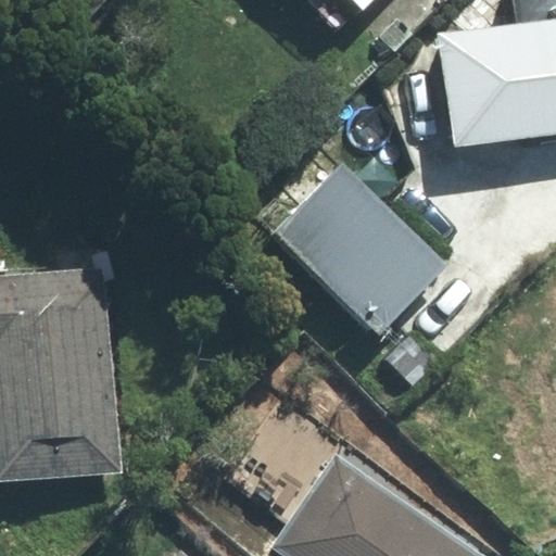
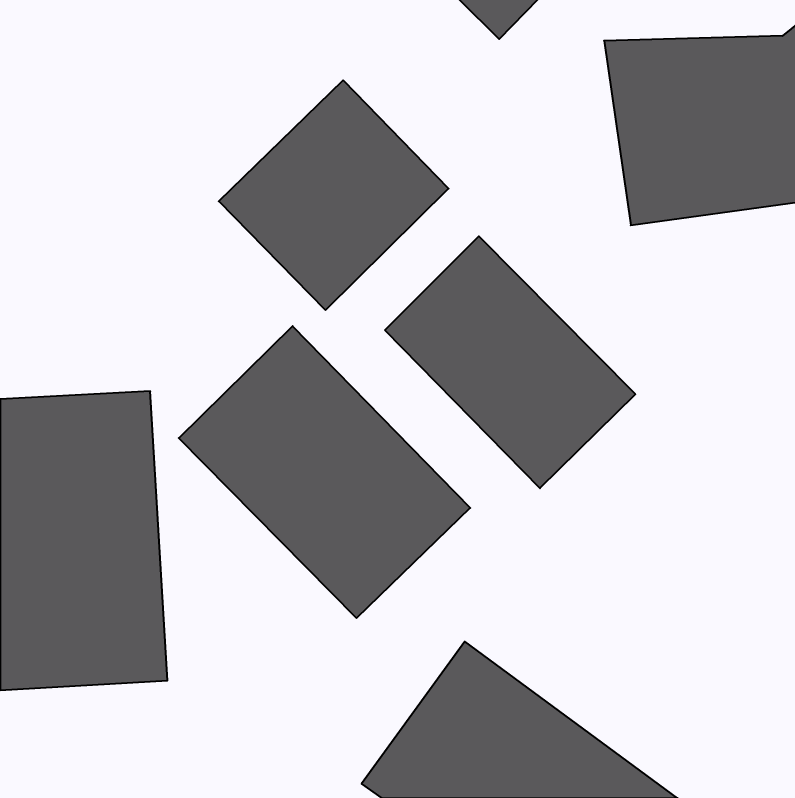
building: none -> [219,80,449,310]
building: none -> [179,326,470,618]

